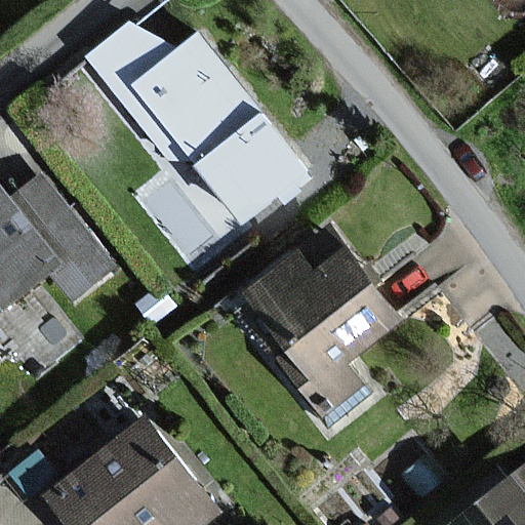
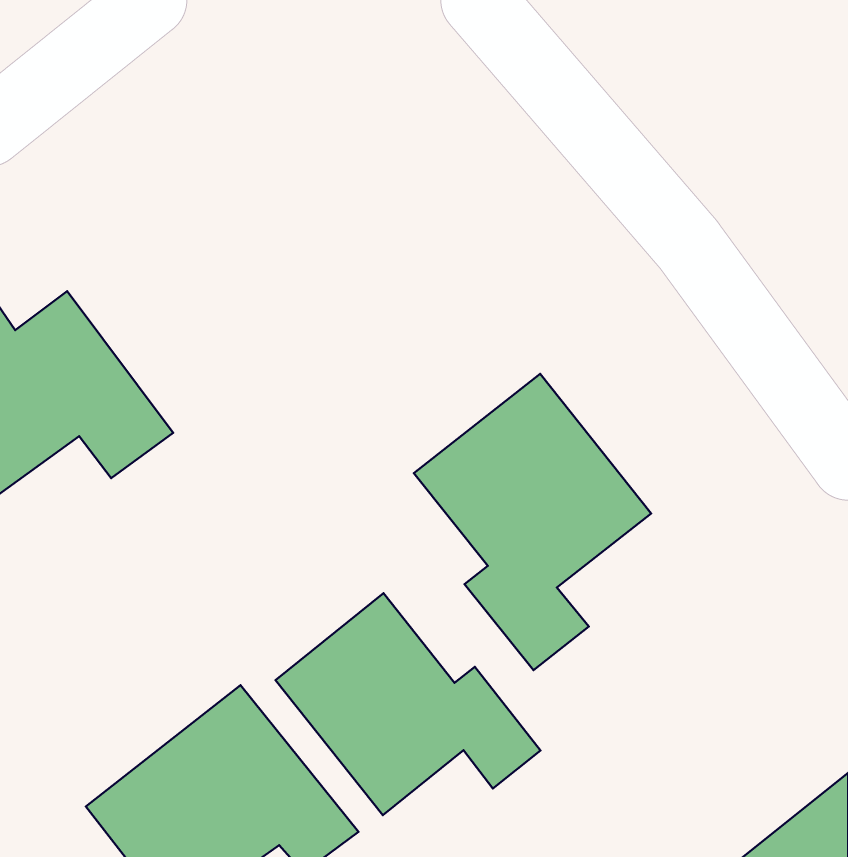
building: [93,28,306,213] -> none
building: none -> [275,593,541,815]

